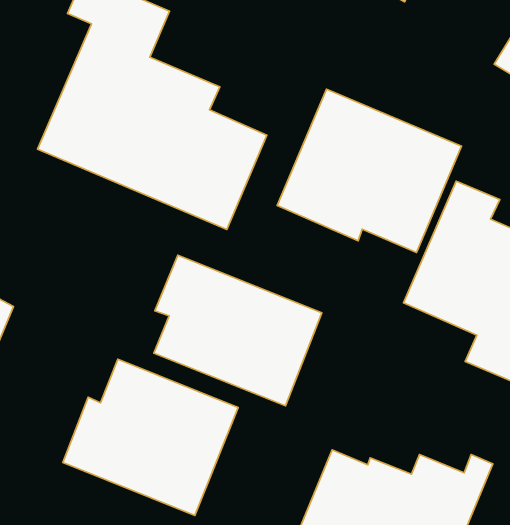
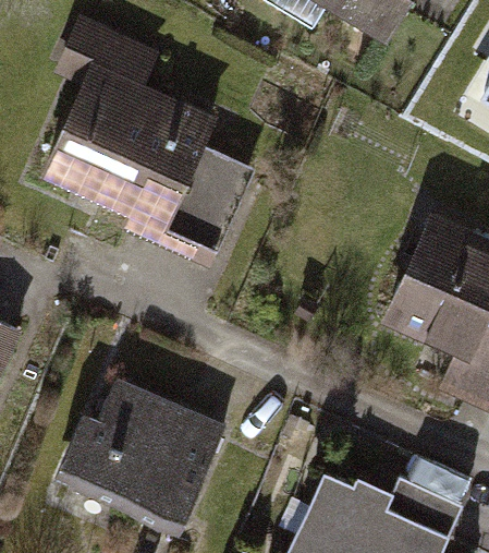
building: [277,89,462,252] -> none
building: [154,255,322,406] -> none

